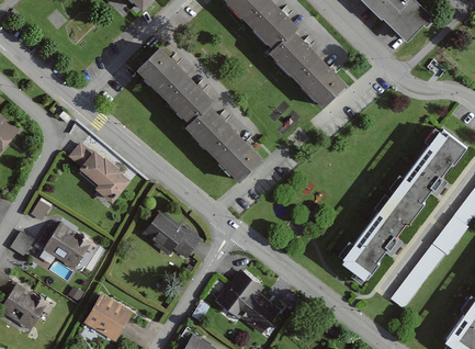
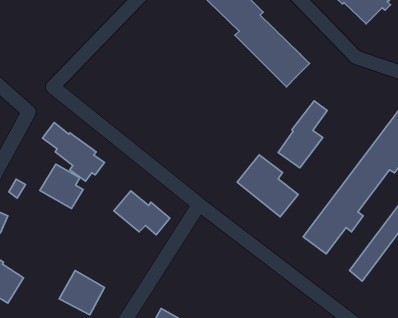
building: [136,46,261,180] -> none
building: none -> [278,101,327,168]
building: [42,226,87,272] -> [40,164,83,208]
building: [215,271,279,336] -> [237,155,298,217]

